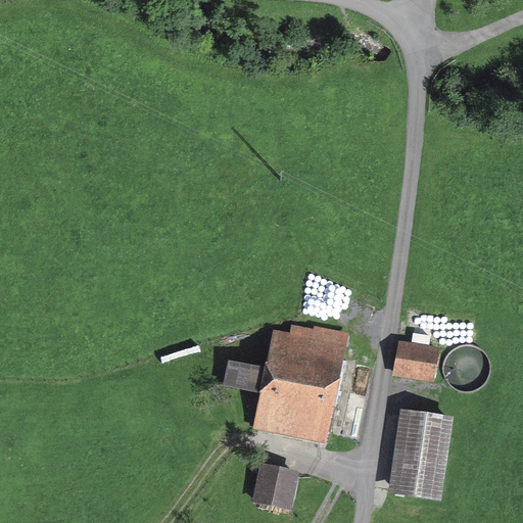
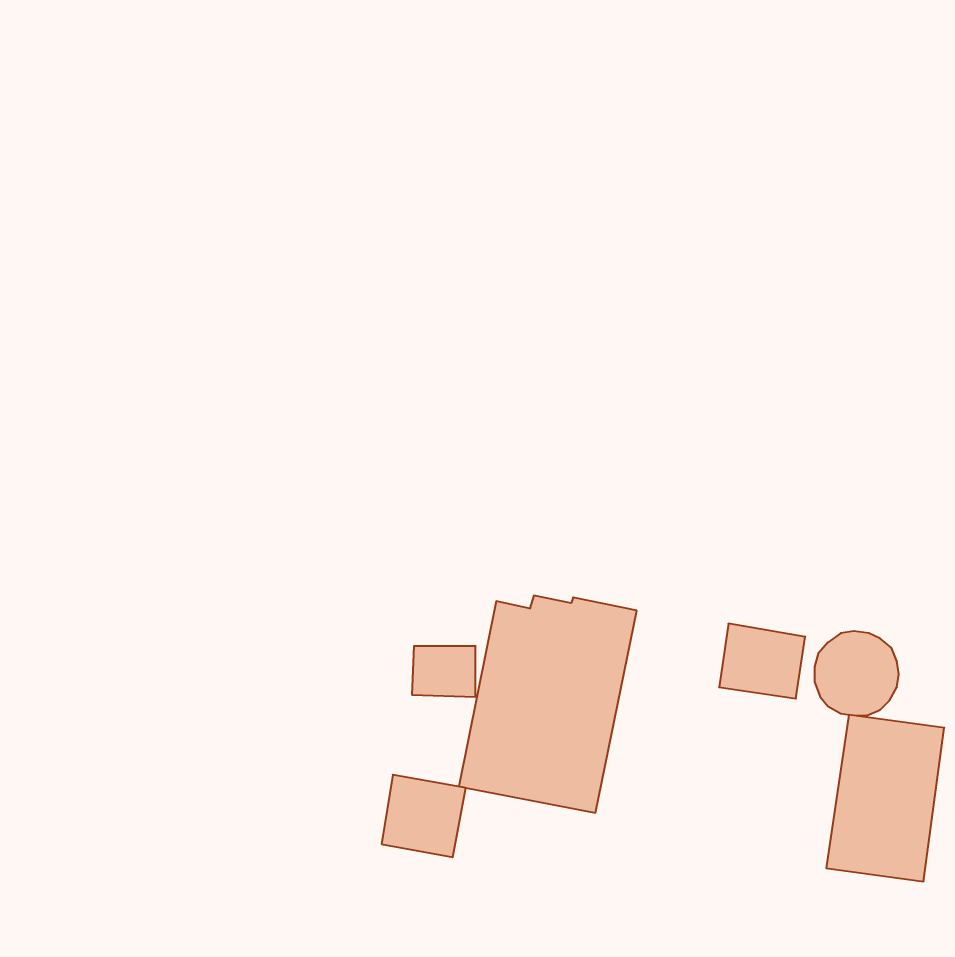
building: [387,410,451,501] -> [826,715,944,881]
building: [252,464,298,509] -> [382,775,466,857]

